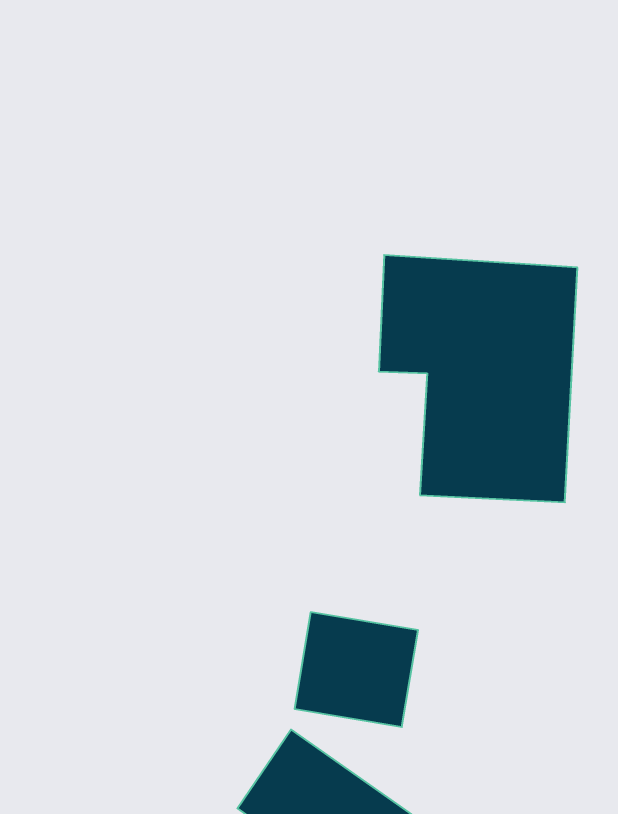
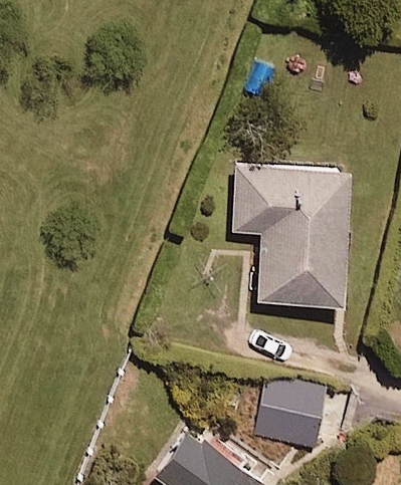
building: [295,612,418,727] -> [257,385,327,449]

